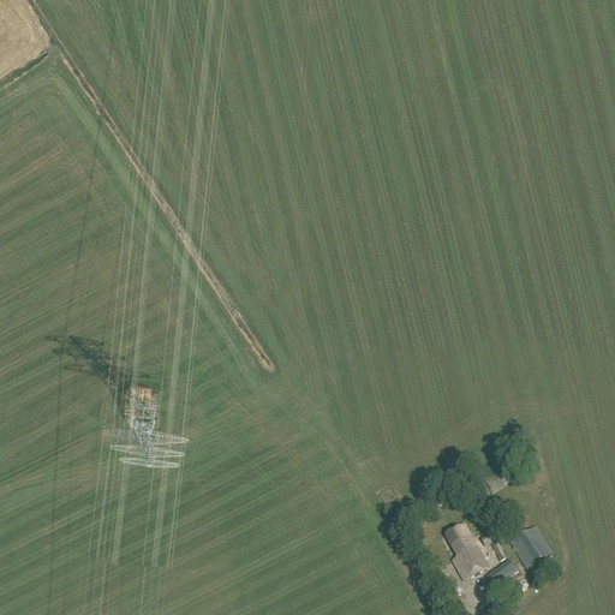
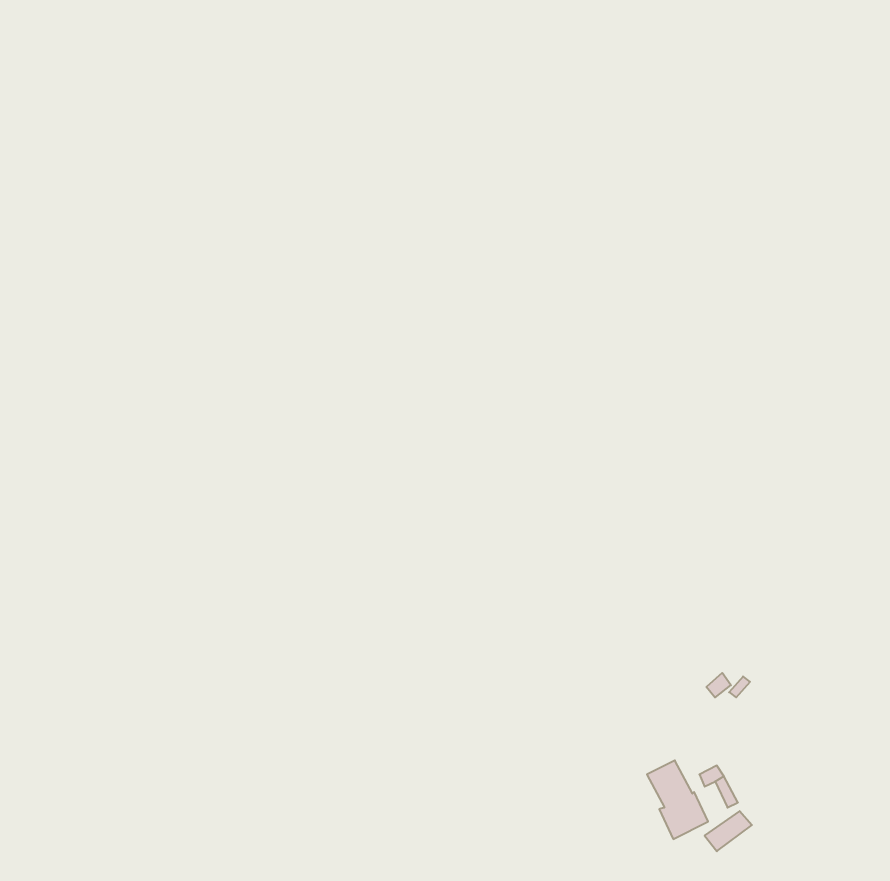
building: [509,525,550,567] -> none

